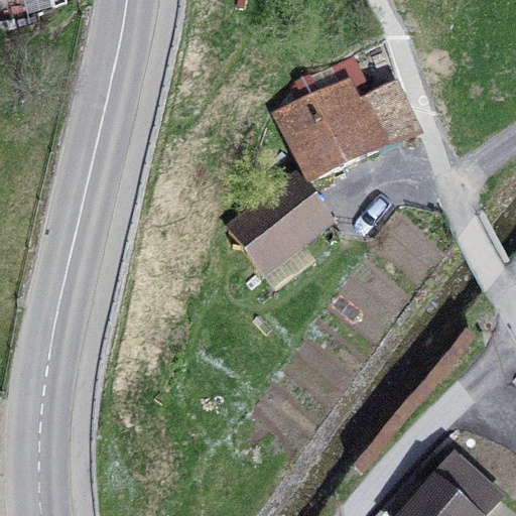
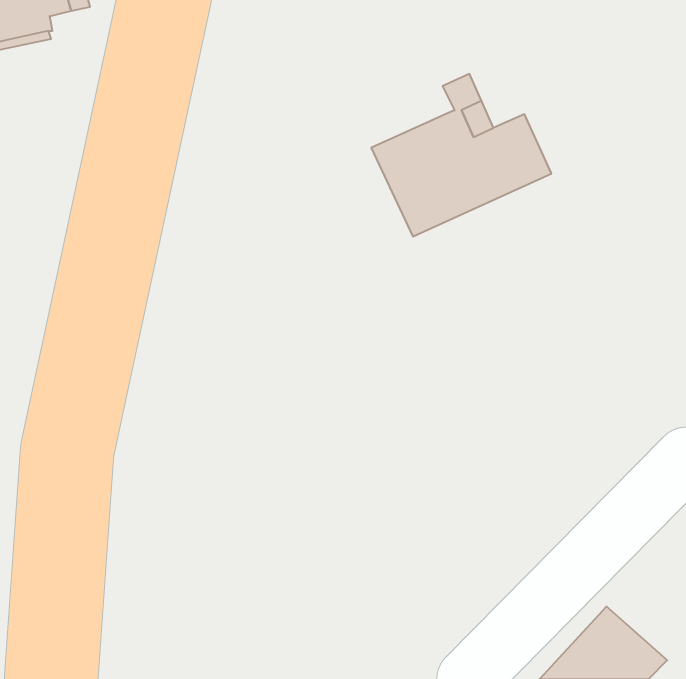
building: [228,177,331,274] -> none

